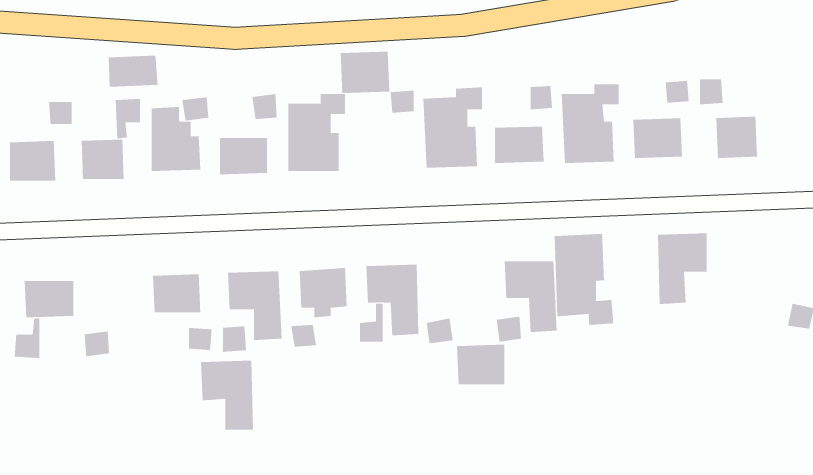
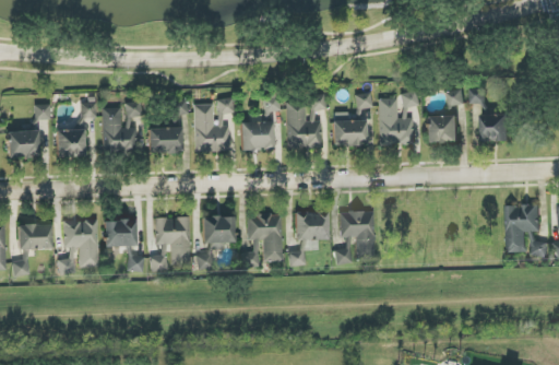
building: [340,51,390,93] -> [240,120,274,149]
building: [108,55,158,88] -> none
building: [657,233,708,305] -> [507,203,540,251]
building: [554,233,614,326] -> none
building: [456,344,505,385] -> [295,211,328,238]
building: [200,360,254,430] -> [62,219,98,266]

